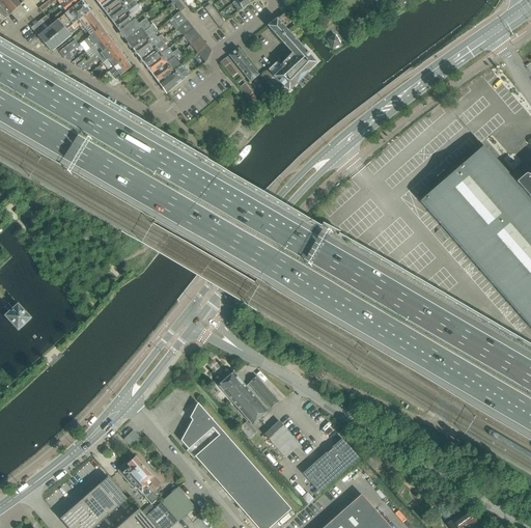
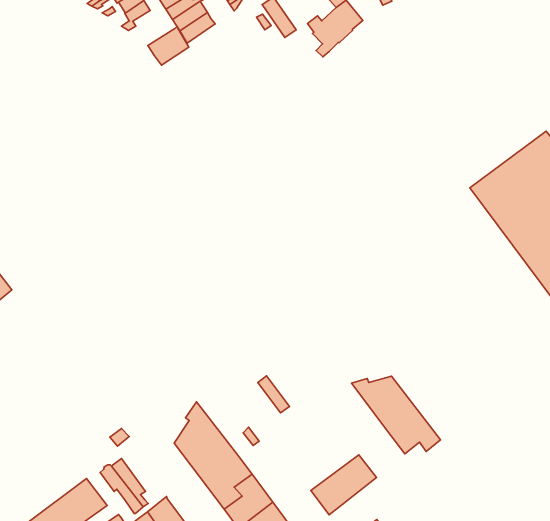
building: none -> [148,26,189,65]
building: none -> [351,376,441,454]
building: [218,370,268,423] -> none
building: [264,420,300,455] -> none

